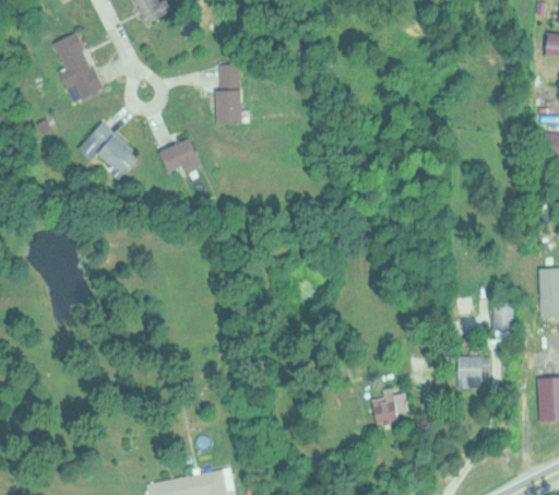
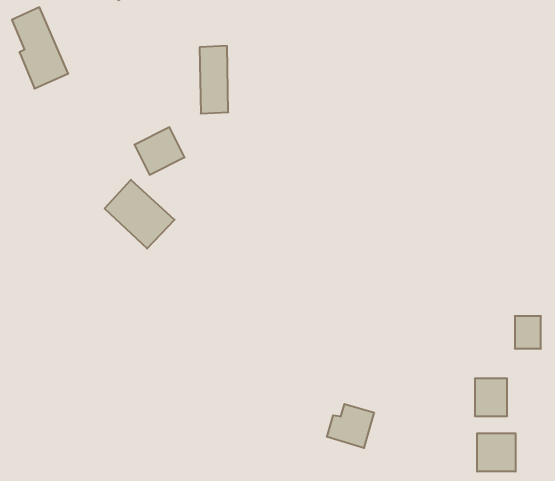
building: [78,121,139,181] -> [105,180,175,249]
building: [368,388,409,426] -> [327,404,374,448]
building: none -> [477,433,516,472]

